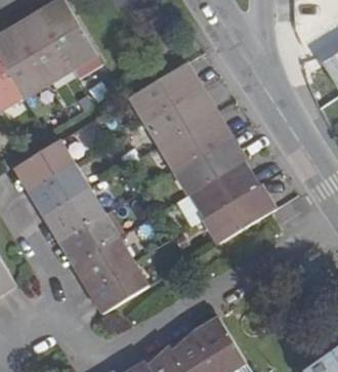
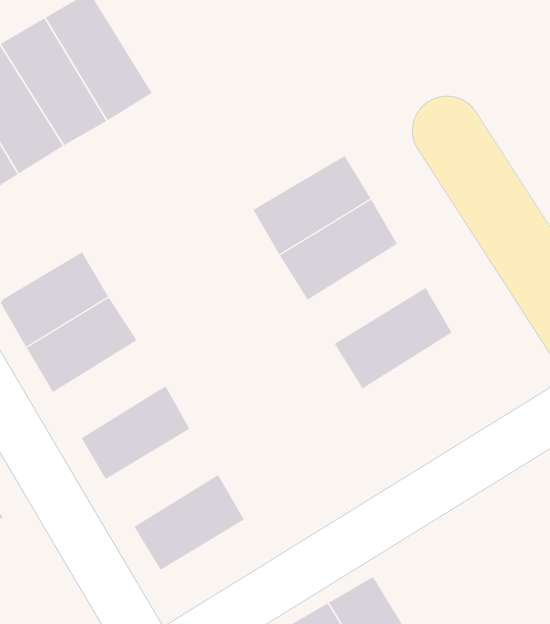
building: [136,64,202,119] -> none
building: [181,137,246,192] -> none
building: [211,185,274,240] -> none
building: [43,190,104,243] -> none
building: [72,238,133,291] -> none

